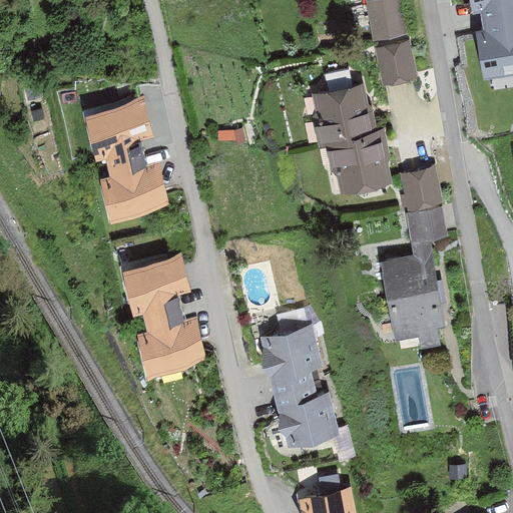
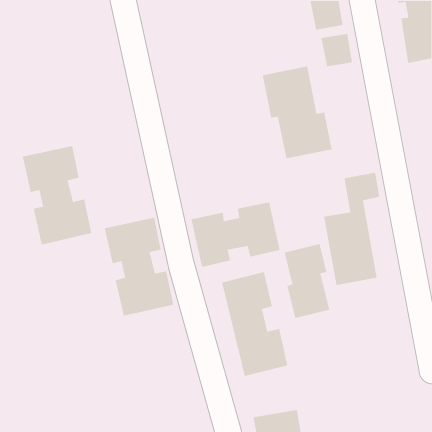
building: [85,101,168,219] -> [22,145,92,245]
building: [401,165,441,207] -> none
building: none -> [191,202,281,268]
building: none -> [284,243,330,319]

